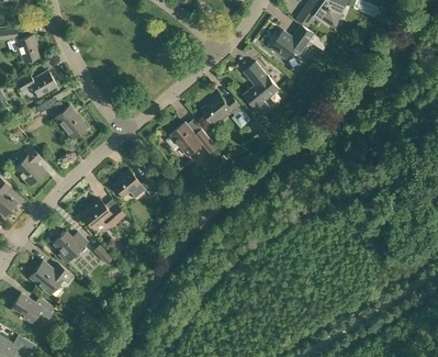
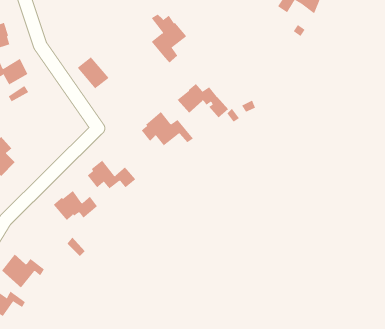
building: [271,25,313,55] -> none
building: [244,67,279,115] -> [151,14,187,63]
building: [55,107,87,138] -> [77,56,109,89]
building: [53,232,87,263] -> none

